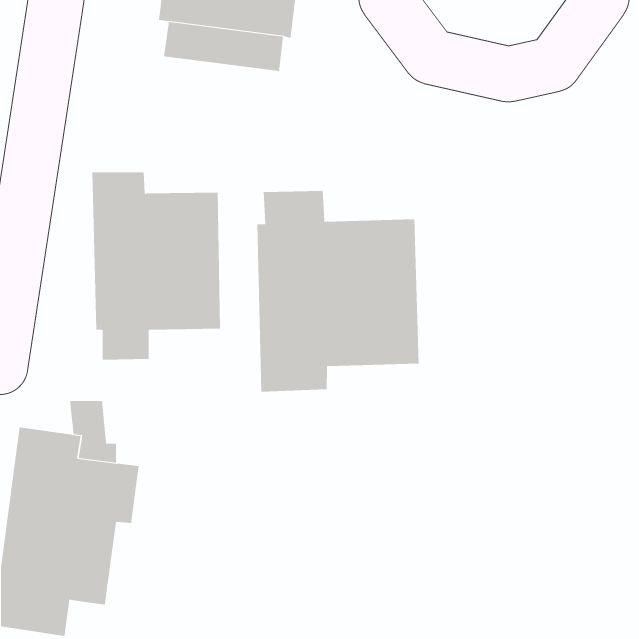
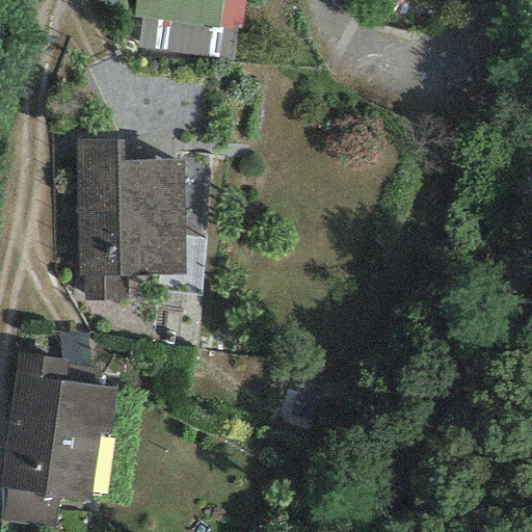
building: [257,190,419,393] -> none

